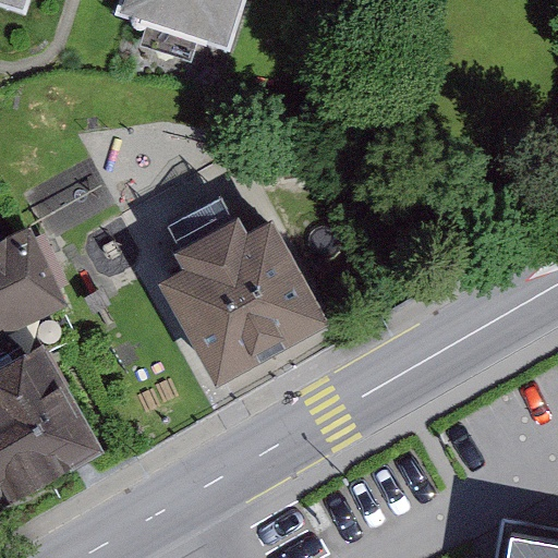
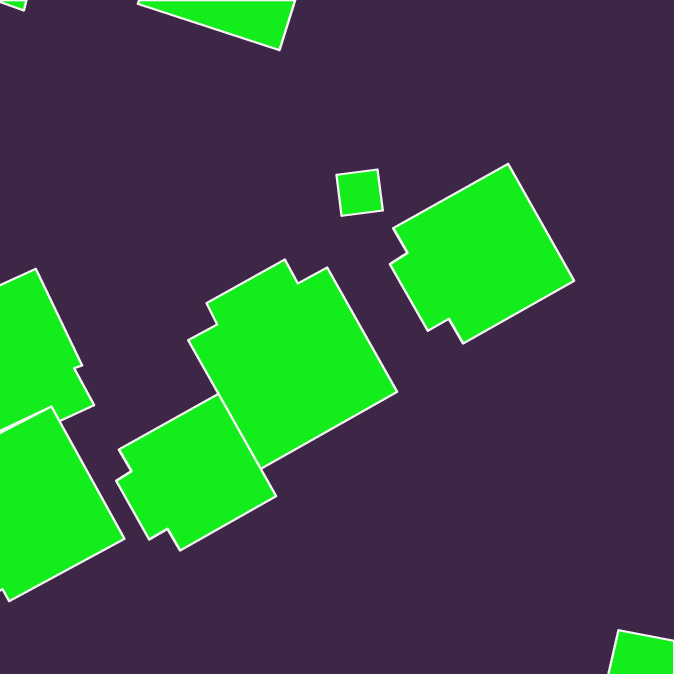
building: none -> [390,164,574,343]
building: none -> [116,394,276,550]

